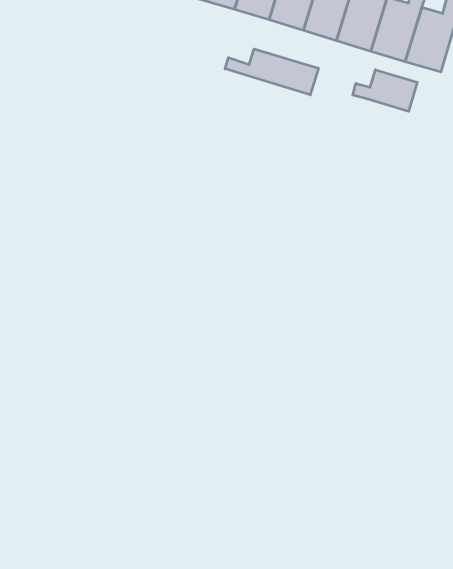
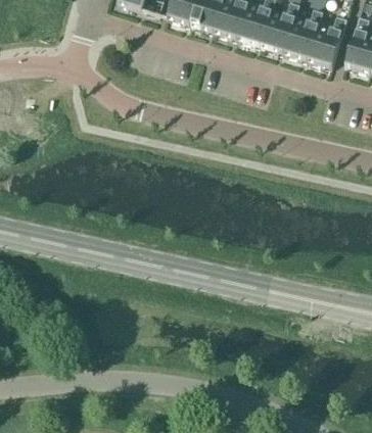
building: [225,49,318,95] -> none
building: [353,70,417,111] -> none

